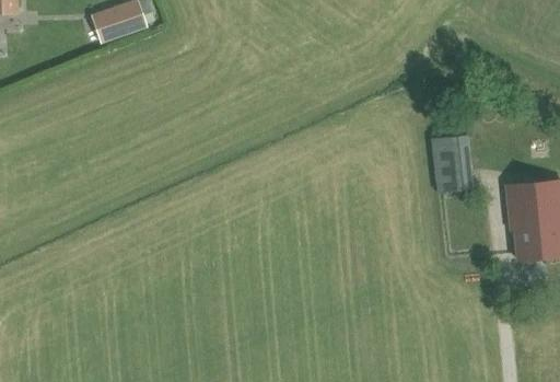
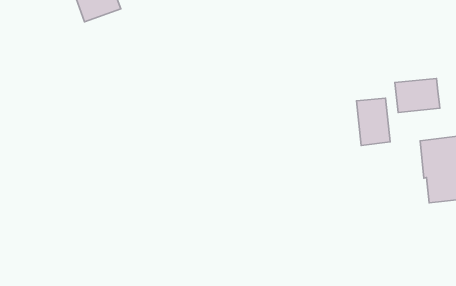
building: none -> [395,78,440,113]

